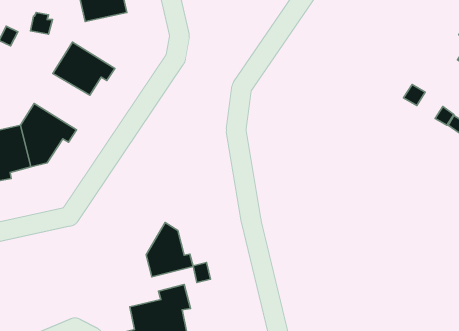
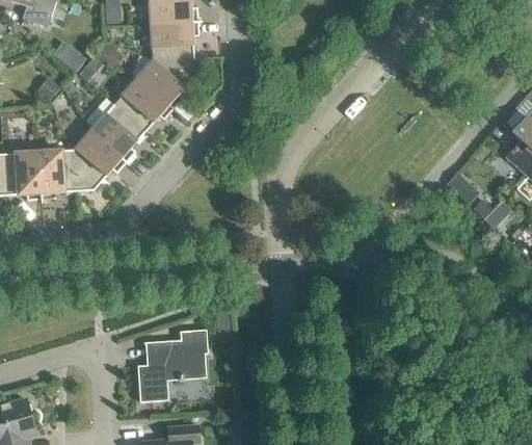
building: none -> [136,57,194,109]
building: none -> [89,104,144,162]
building: [146,223,193,277] -> none

